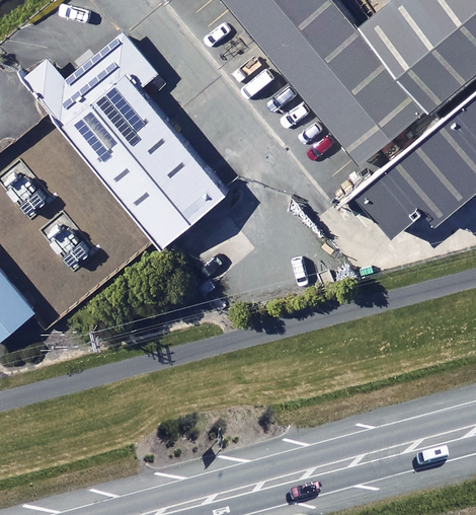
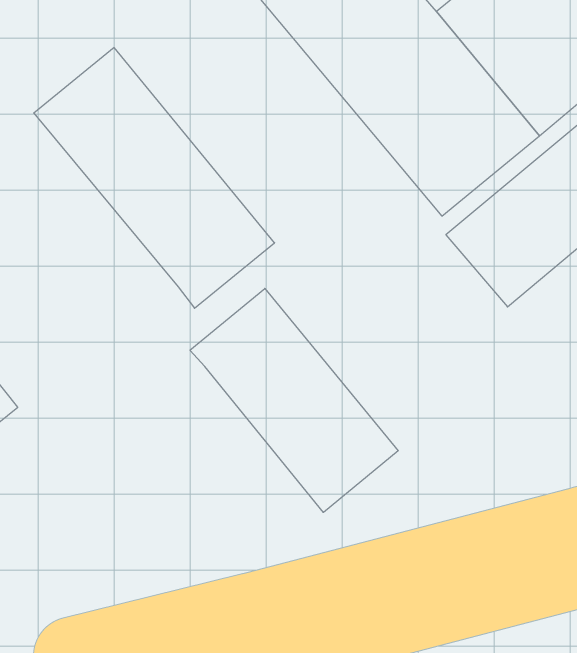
building: none -> [190,288,398,512]

